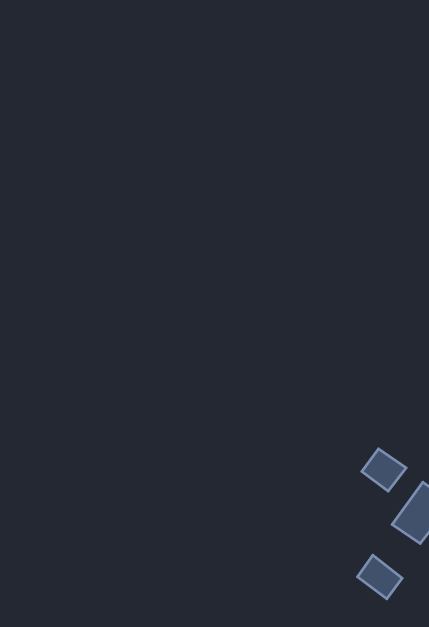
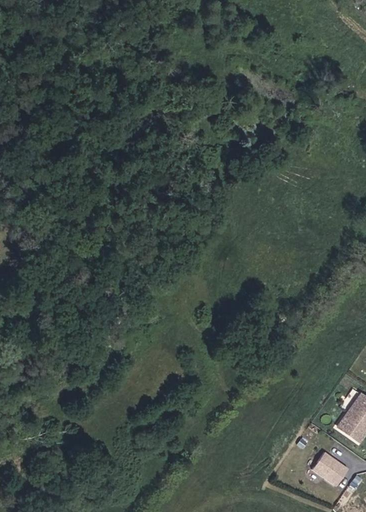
building: [362,449,406,491] -> none

